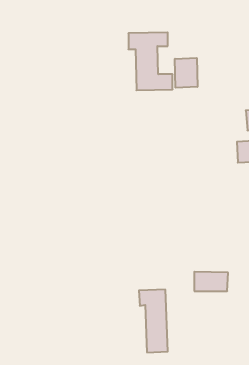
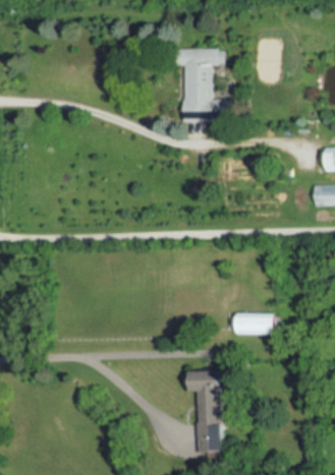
building: [175,58,197,88] -> none
building: [194,272,228,291] -> [232,310,275,335]

